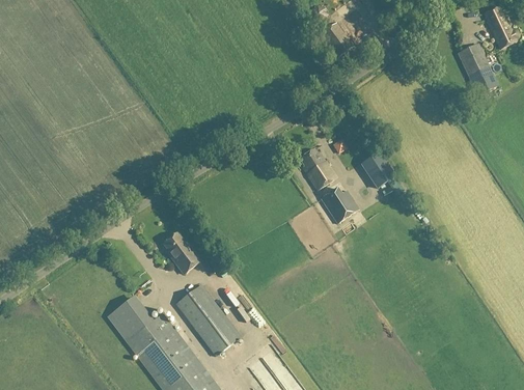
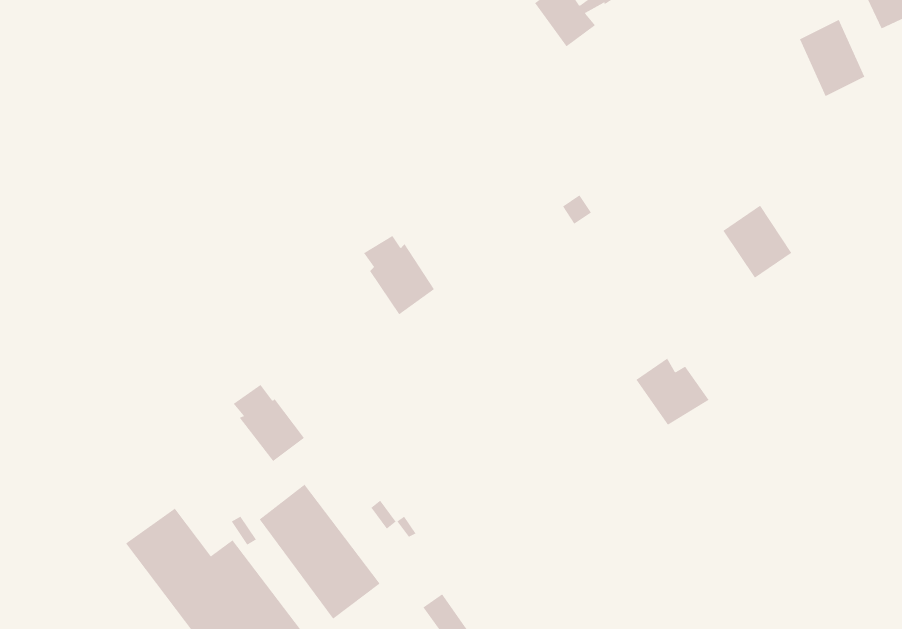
building: [299,148,336,190] -> [363,235,435,315]
building: [361,149,397,188] -> [722,205,792,279]
building: [321,187,359,222] -> [636,358,709,426]

